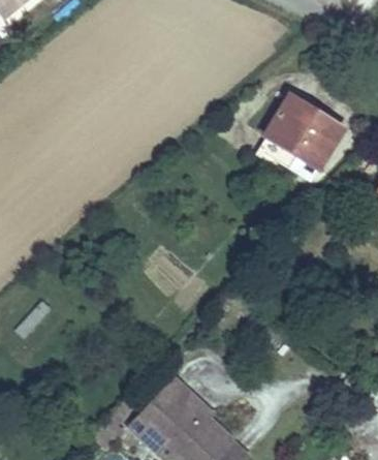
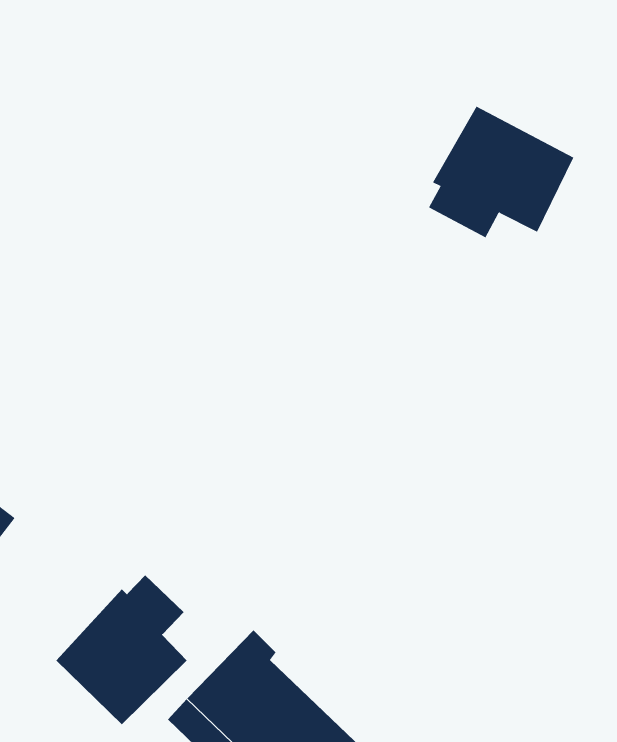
building: none -> [55,574,188,725]

